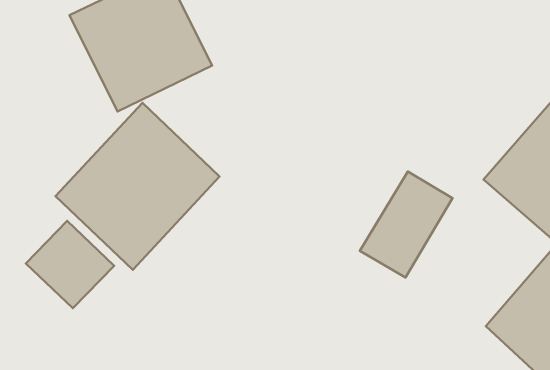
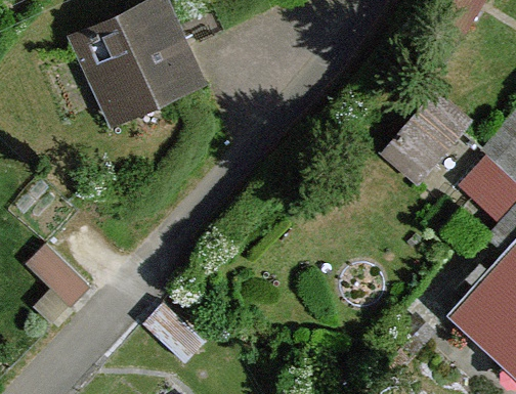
building: [55,103,220,270] -> none
building: [360,171,452,278] -> [394,79,479,176]

